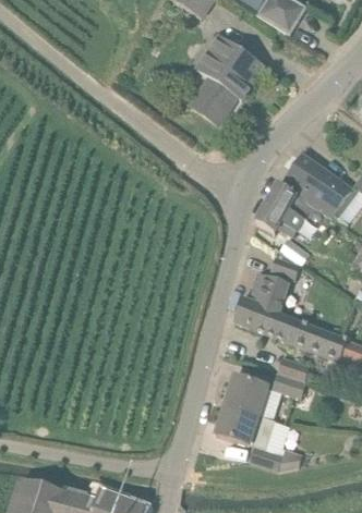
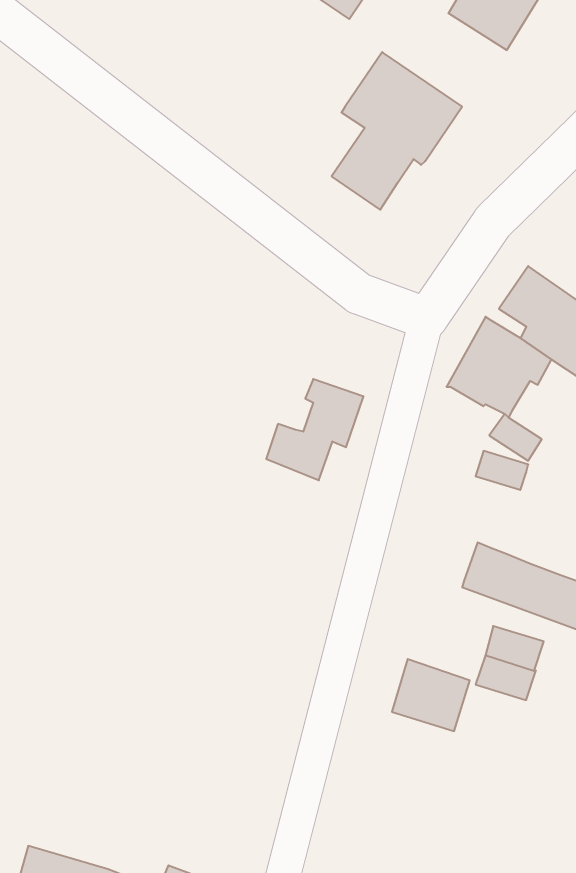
building: [236,274,290,331] -> [266,379,364,480]
building: [215,404,301,469] -> none

